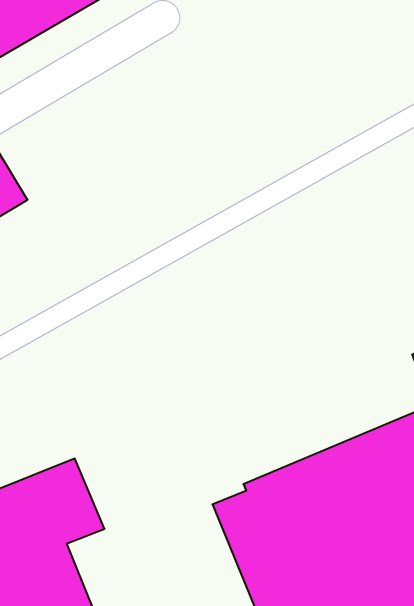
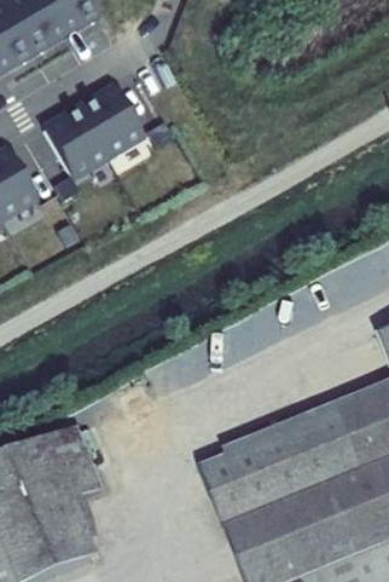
building: none -> [43,85,139,169]

